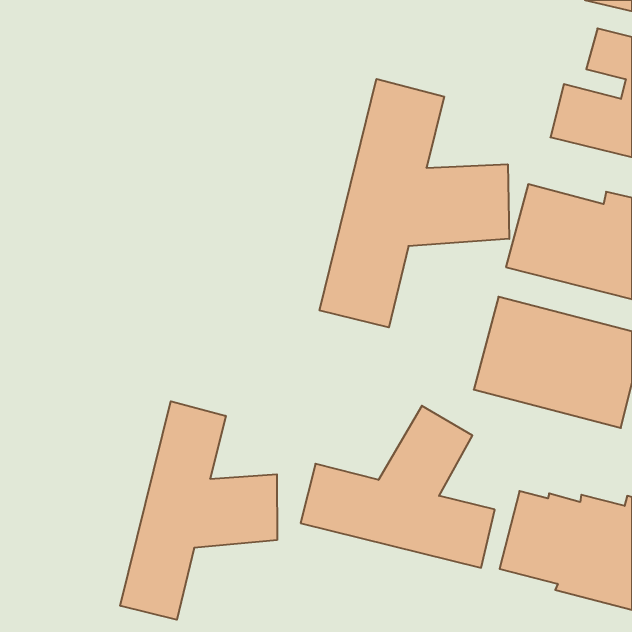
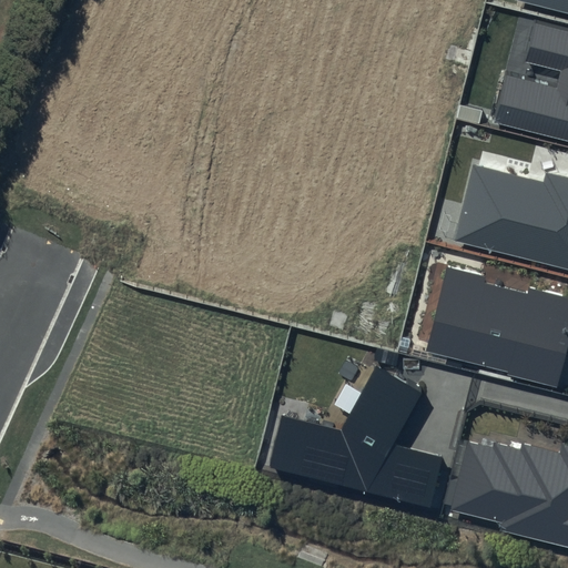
building: [320,79,509,327] -> none
building: [120,401,277,620] -> none

